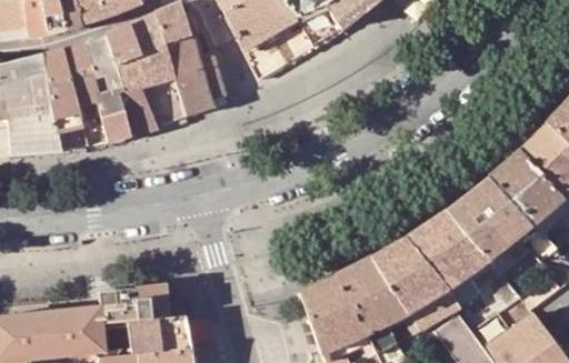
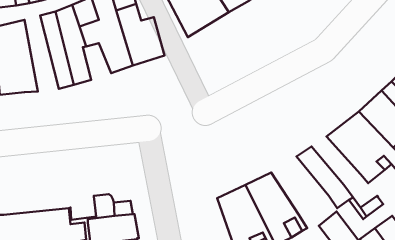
building: [42,49,88,150] -> none
building: [120,85,158,134] -> none
building: [425,210,490,274] -> none
building: [371,236,459,332] -> none
building: [100,290,138,321] -> none

